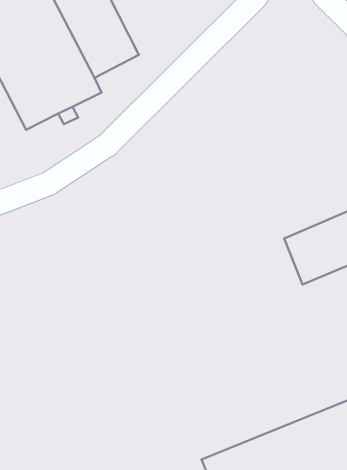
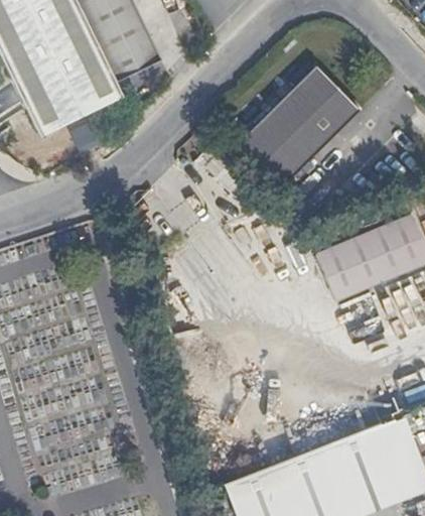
building: none -> [231,62,358,192]

